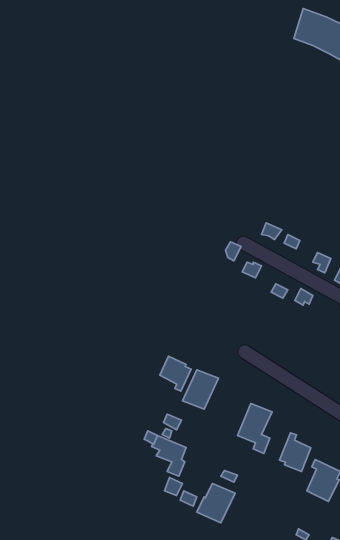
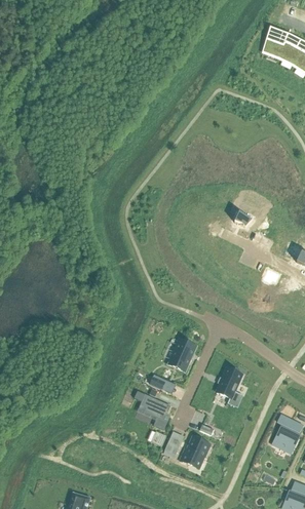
building: [160,356,191,391] -> none
building: [280,433,311,472] -> none

